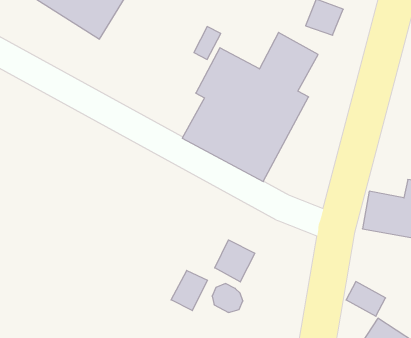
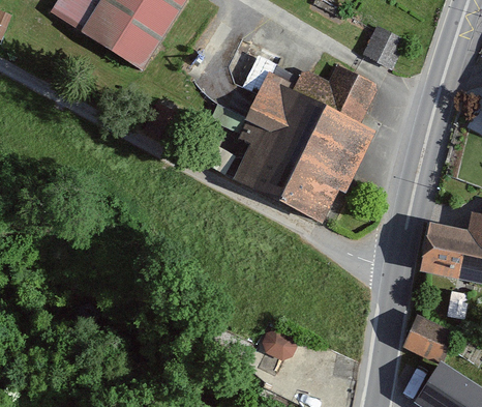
building: [215,240,255,282] -> none
building: [171,270,207,311] -> none

